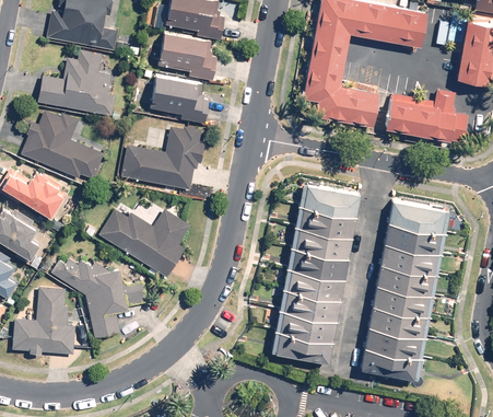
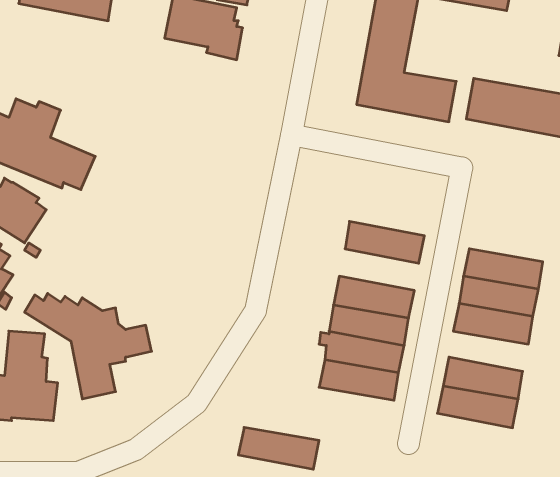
building: [38,50,120,120] -> none
building: [150,74,209,124] -> none
building: [121,127,206,190] -> none
building: [297,182,359,215] -> none
building: [388,202,448,234] -> none
building: [98,209,191,277] -> none
building: [290,224,350,256] -> none
building: [373,287,433,317] -> none
building: [270,329,331,361] -> [238,427,319,469]
building: [361,349,421,381] -> none

